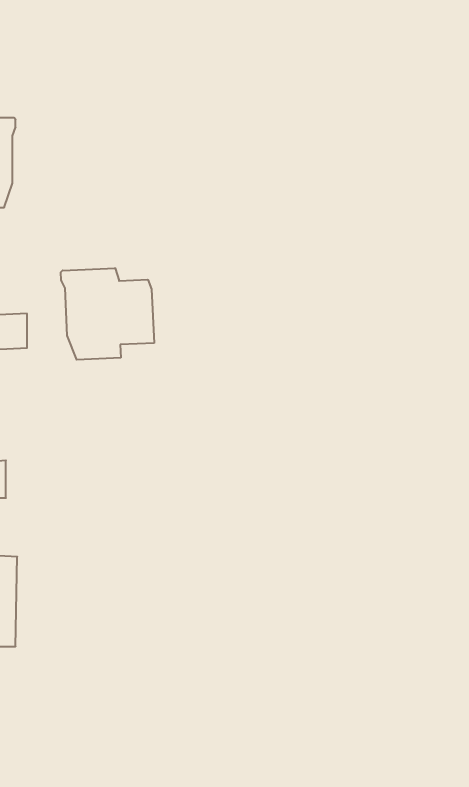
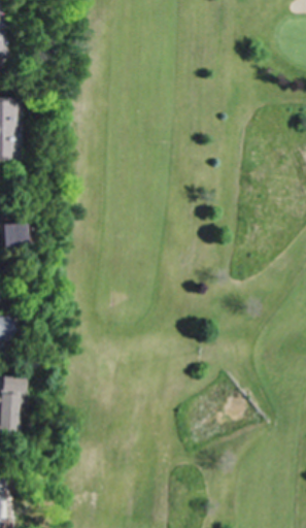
building: [61,268,154,360] -> none

